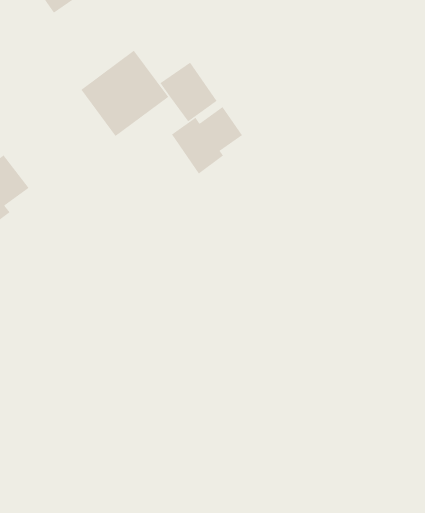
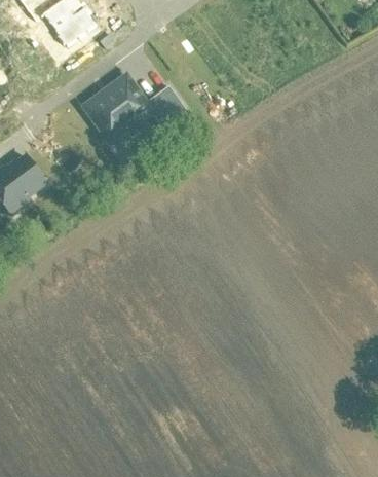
building: [171,106,243,175] -> none

